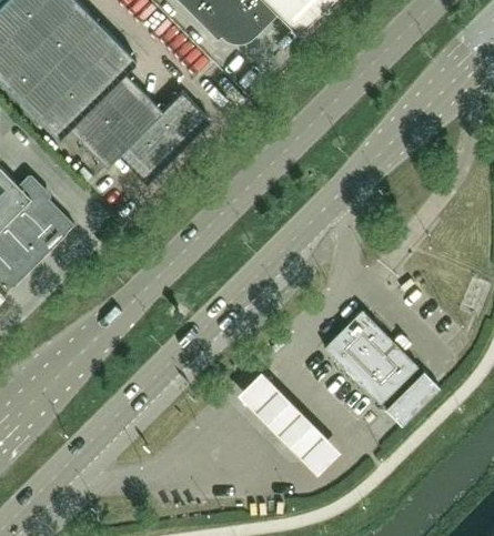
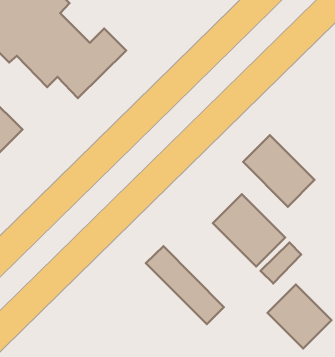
building: none -> [243,135,314,207]
building: none -> [268,285,331,348]

